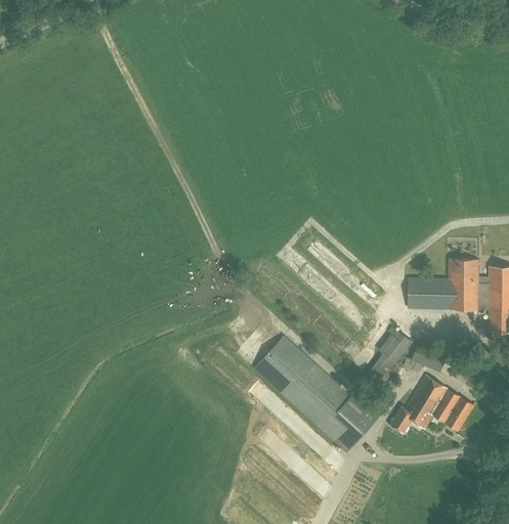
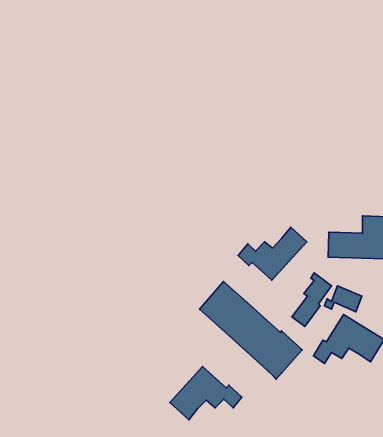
building: none -> [238,227,307,280]
building: none -> [170,367,242,420]

